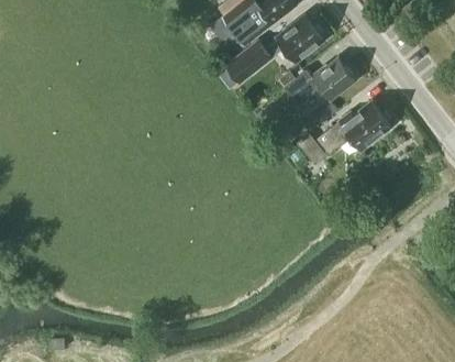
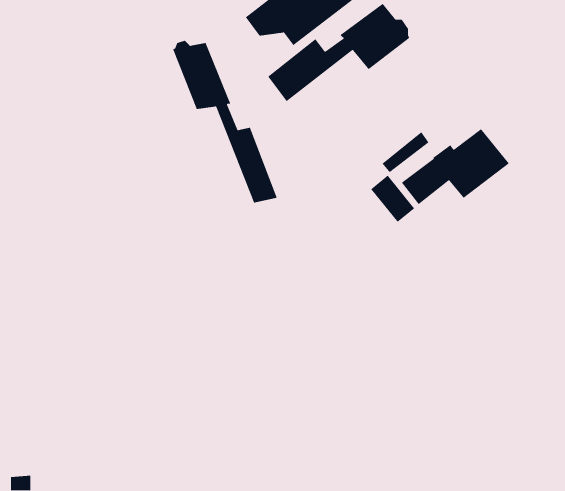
building: none -> [172,40,278,204]
building: [285,56,356,105] -> none

